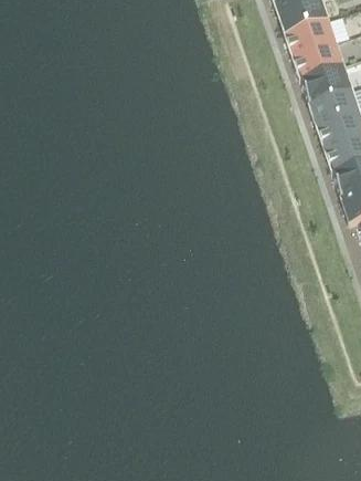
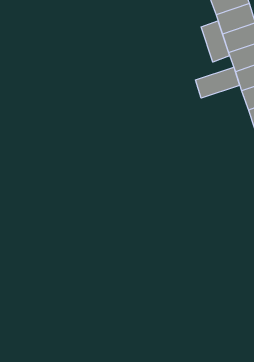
building: none -> [201,21,230,62]
building: none -> [196,67,239,98]

